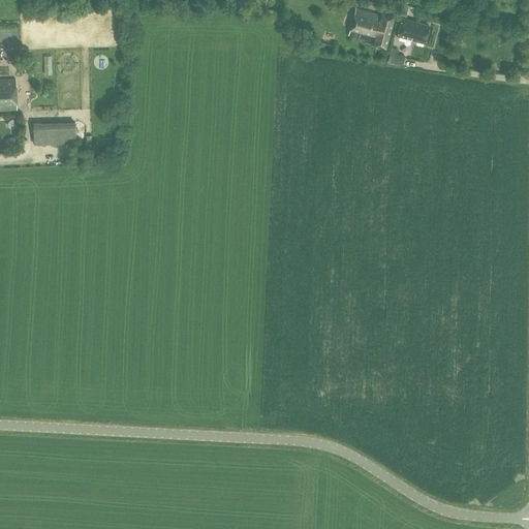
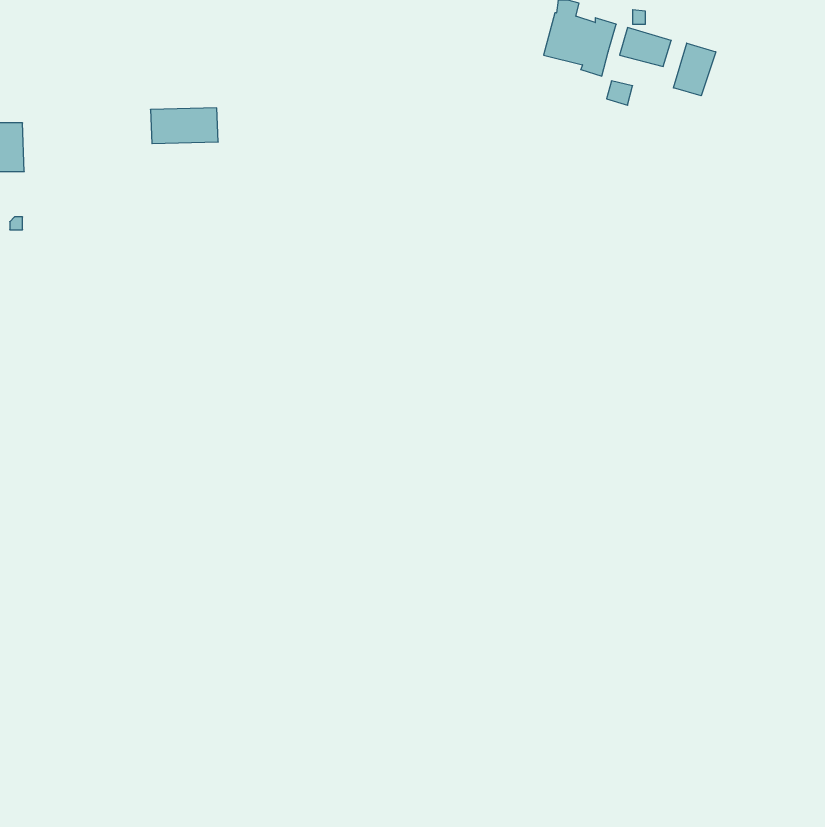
building: none -> [673,43,716,96]
building: [32,122,75,145] -> [150,108,218,144]

